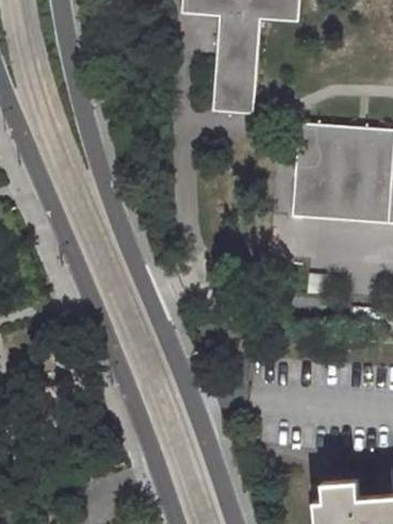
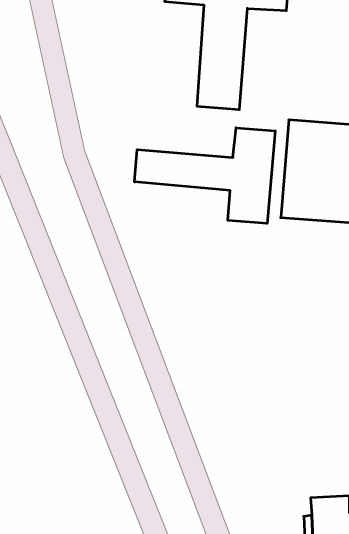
building: none -> [135,128,275,223]

